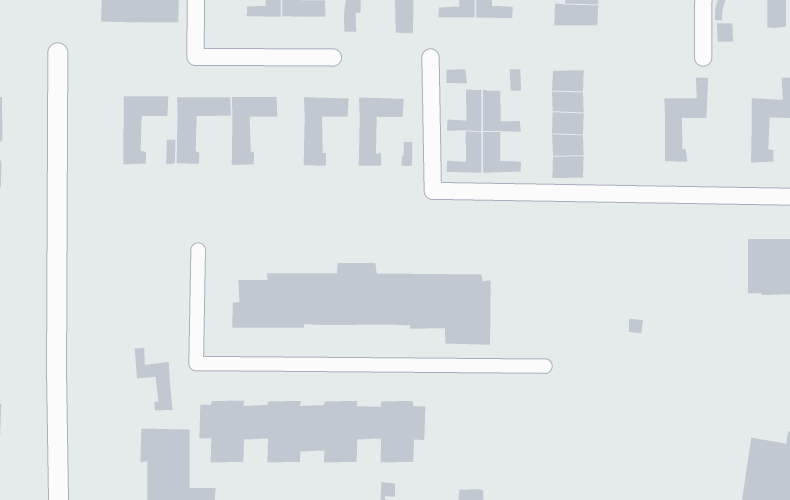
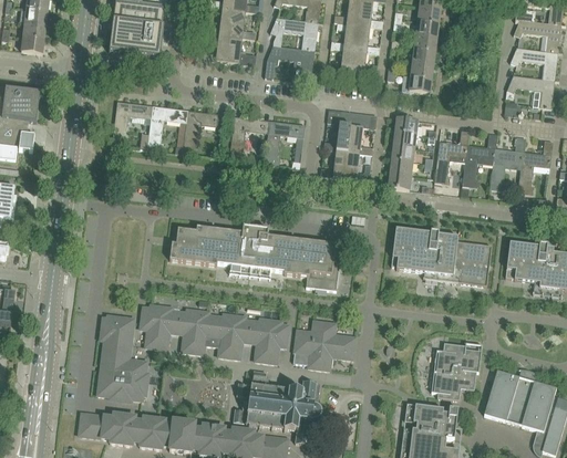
building: none -> [489,136,525,190]
building: none -> [434,129,470,184]
building: none -> [391,227,492,285]
building: [134,347,173,411] -> none
building: none -> [292,320,353,366]
building: none -> [431,342,482,399]

